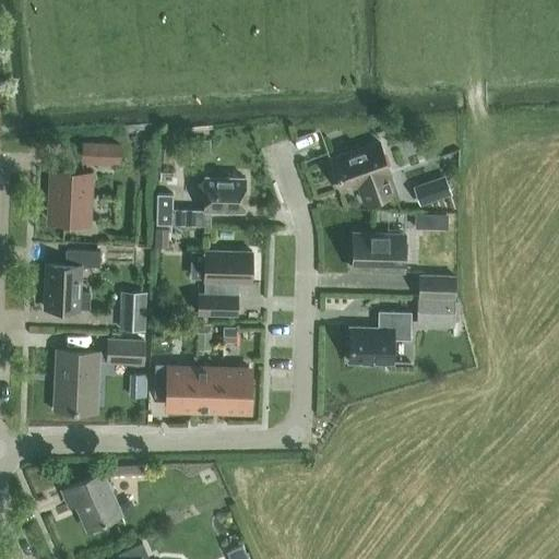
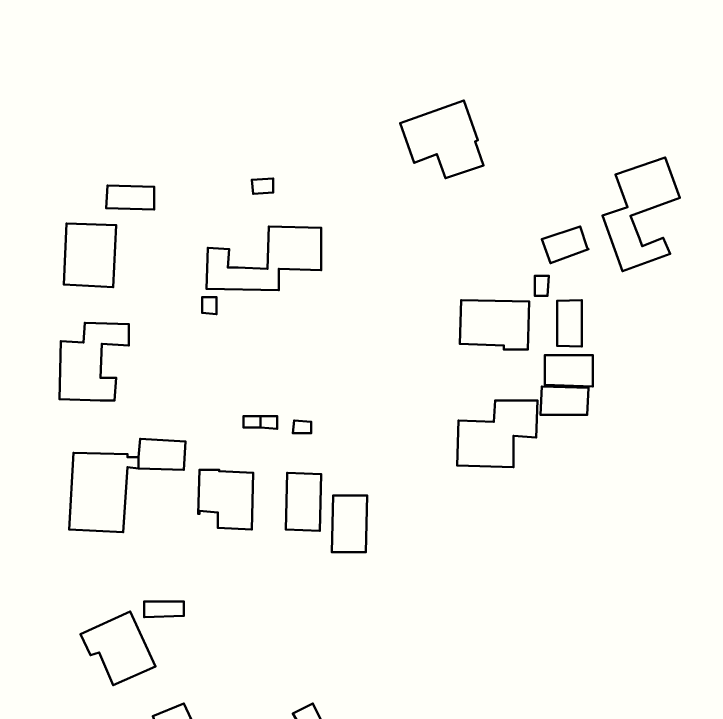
building: none -> [603,158,680,271]
building: [333,143,397,203] -> [400,100,484,178]
building: none -> [557,300,582,347]
building: [195,251,255,316] -> none
building: [119,295,145,334] -> none
building: [194,368,222,412] -> [332,496,367,552]

